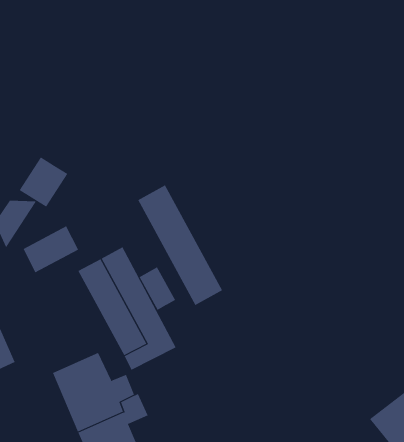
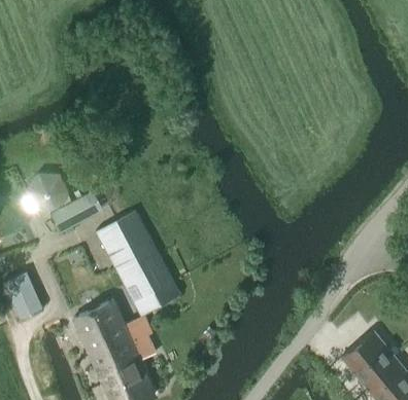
building: [19,157,68,208] -> none
building: [137,185,223,306] -> none
building: [139,266,176,311] -> none

